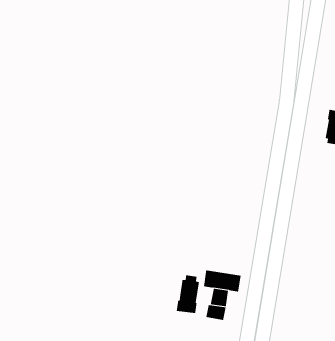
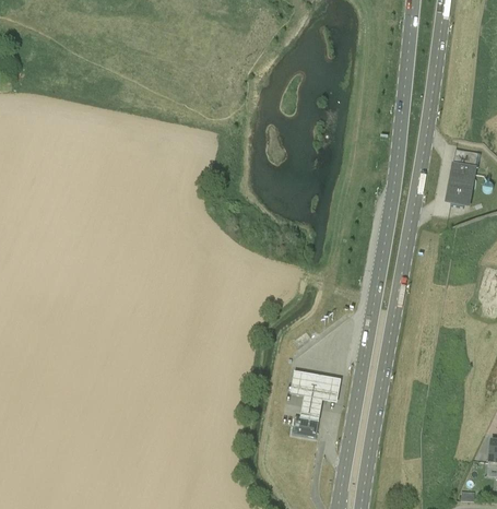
building: [176,274,199,314] -> none

